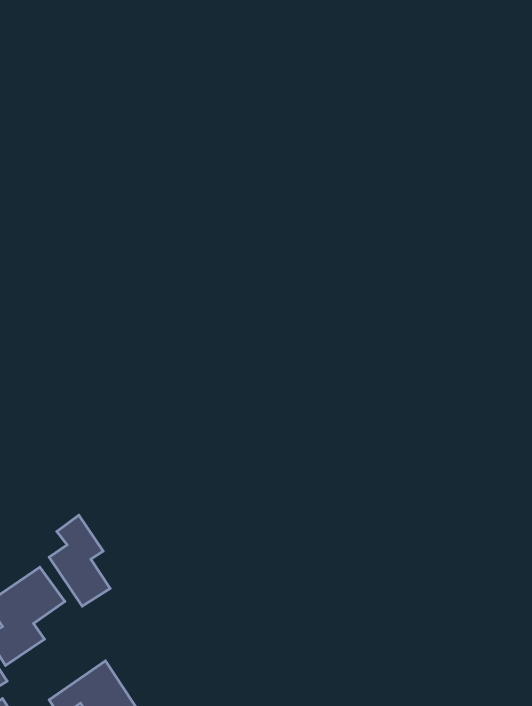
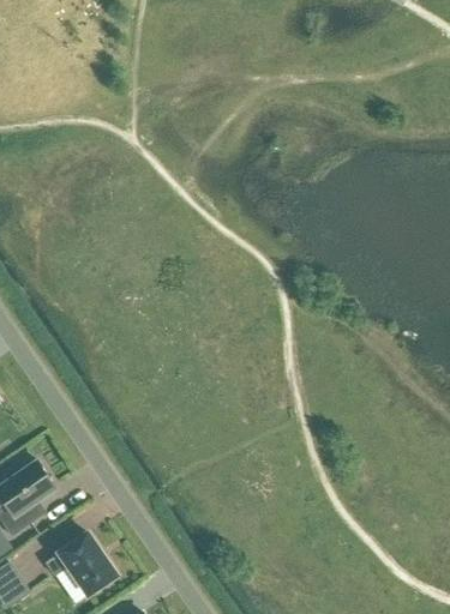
building: [49,515,110,606] -> none

